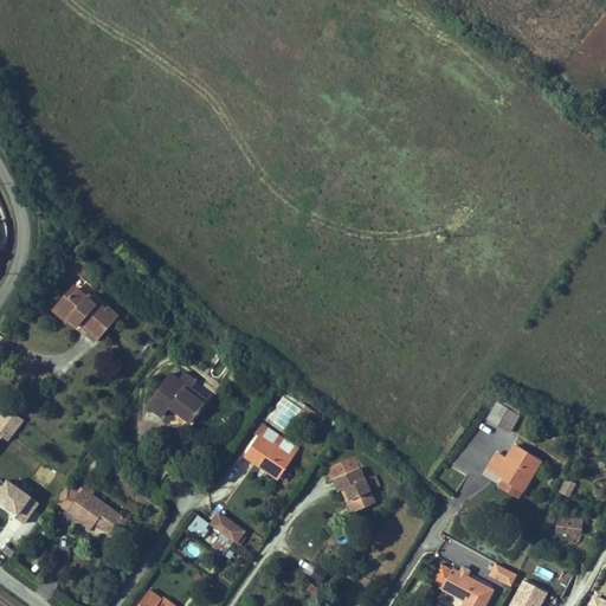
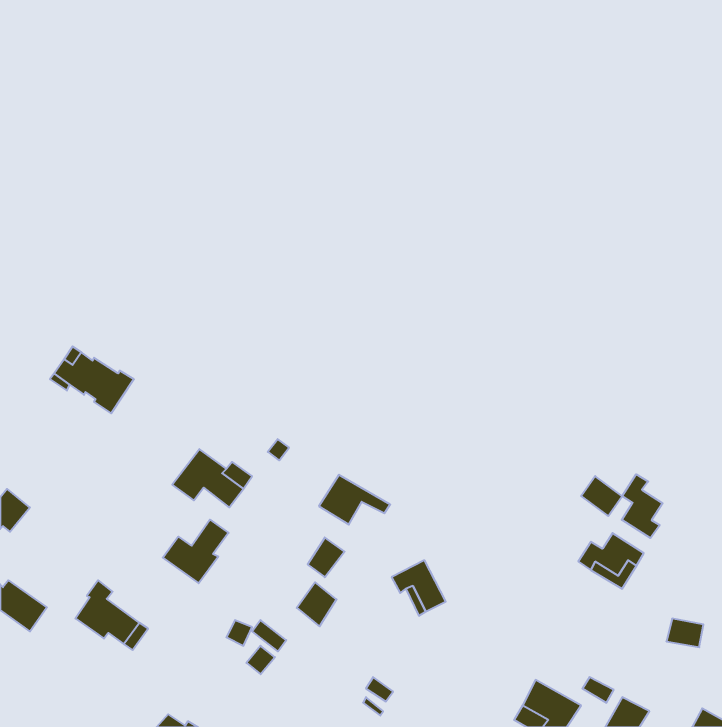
building: none -> [622,474,663,538]
building: none -> [163,520,229,583]
building: [241,432,275,469] -> [297,582,337,626]

